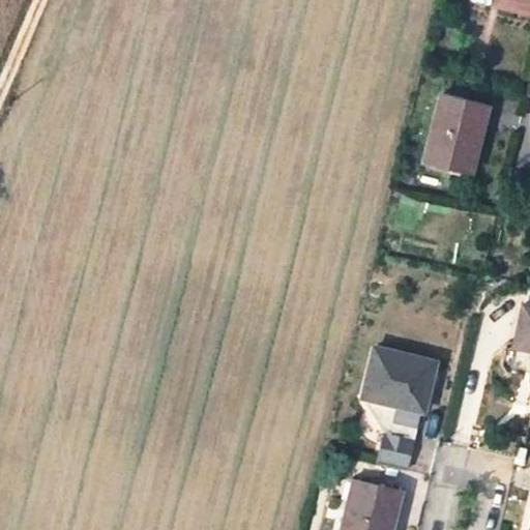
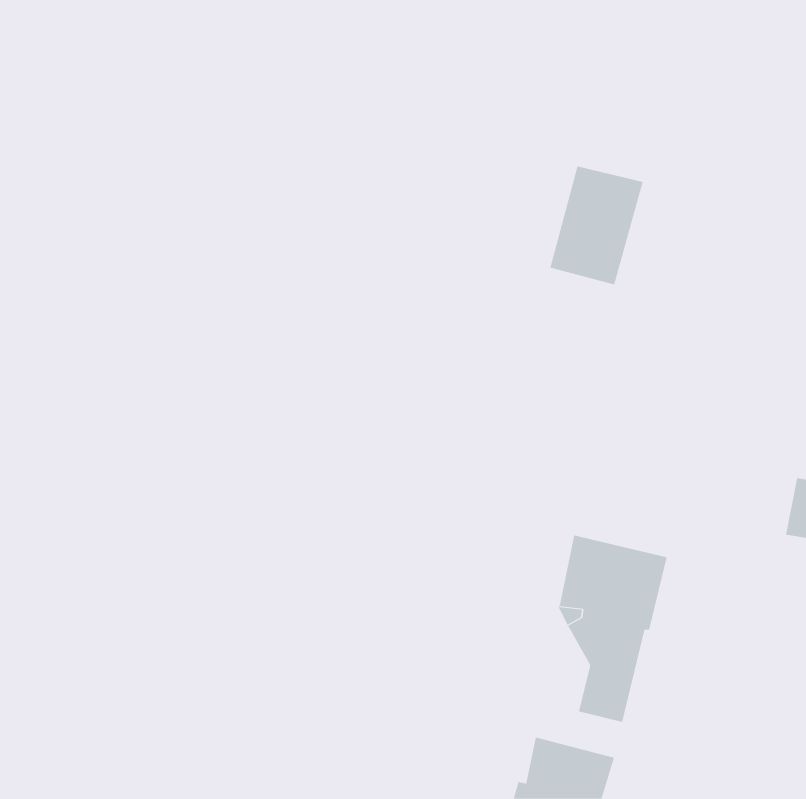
building: [421,95,482,173] -> [550,166,644,285]

